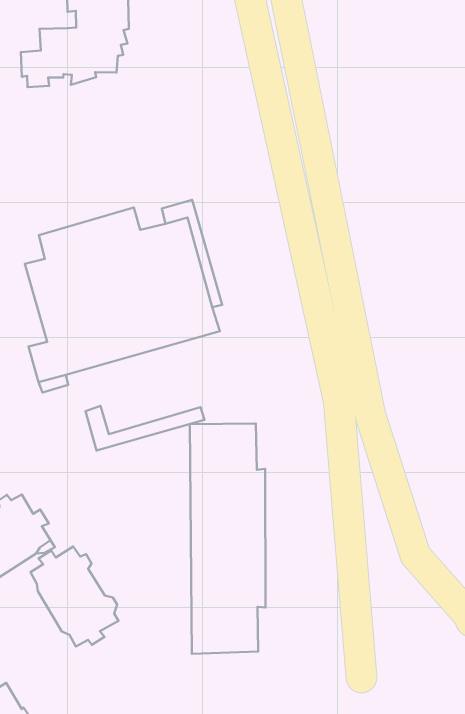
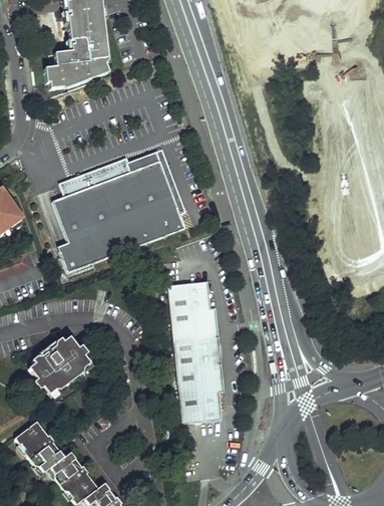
building: [85,406,205,450] -> none
building: [30,547,119,646] -> none

